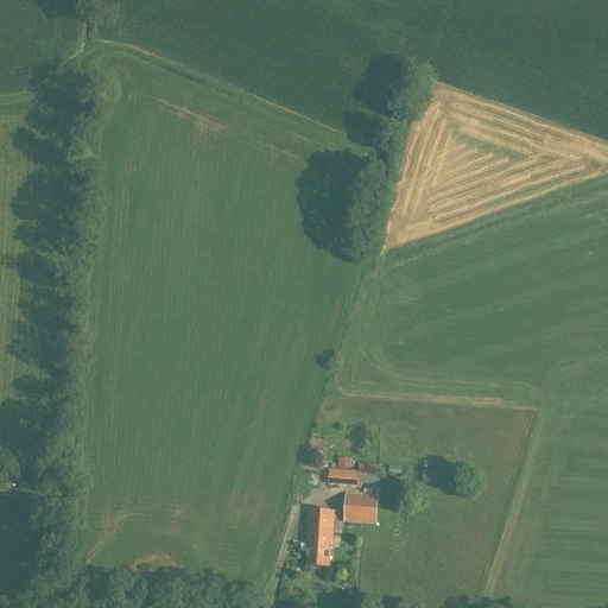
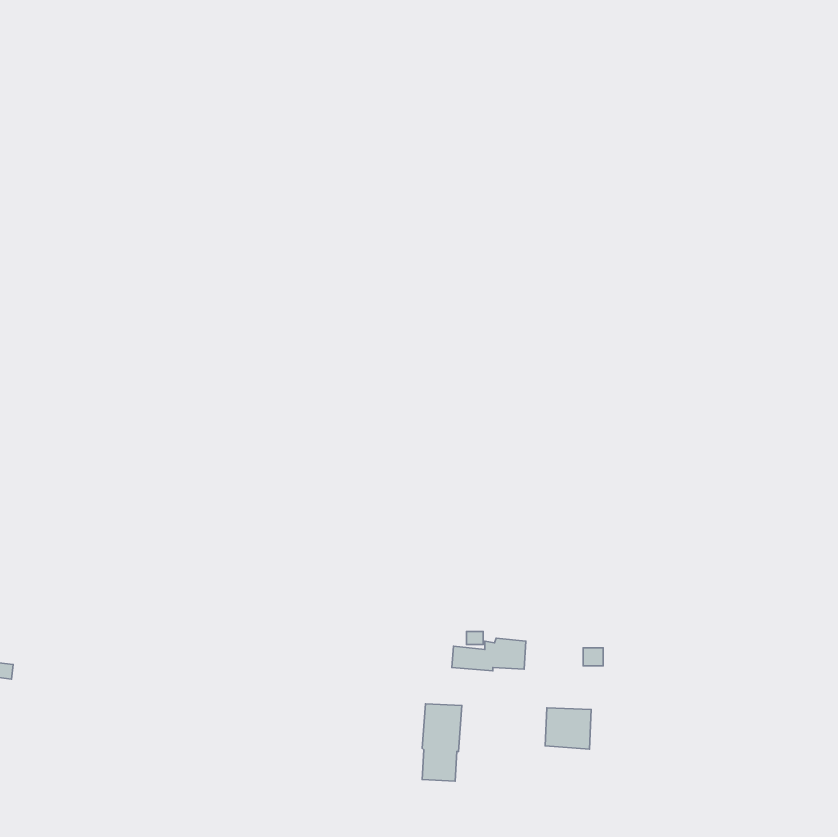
building: [343,493,376,522] -> [545,708,591,749]

